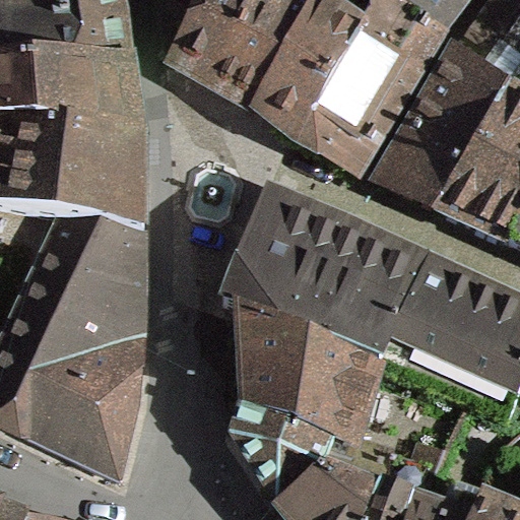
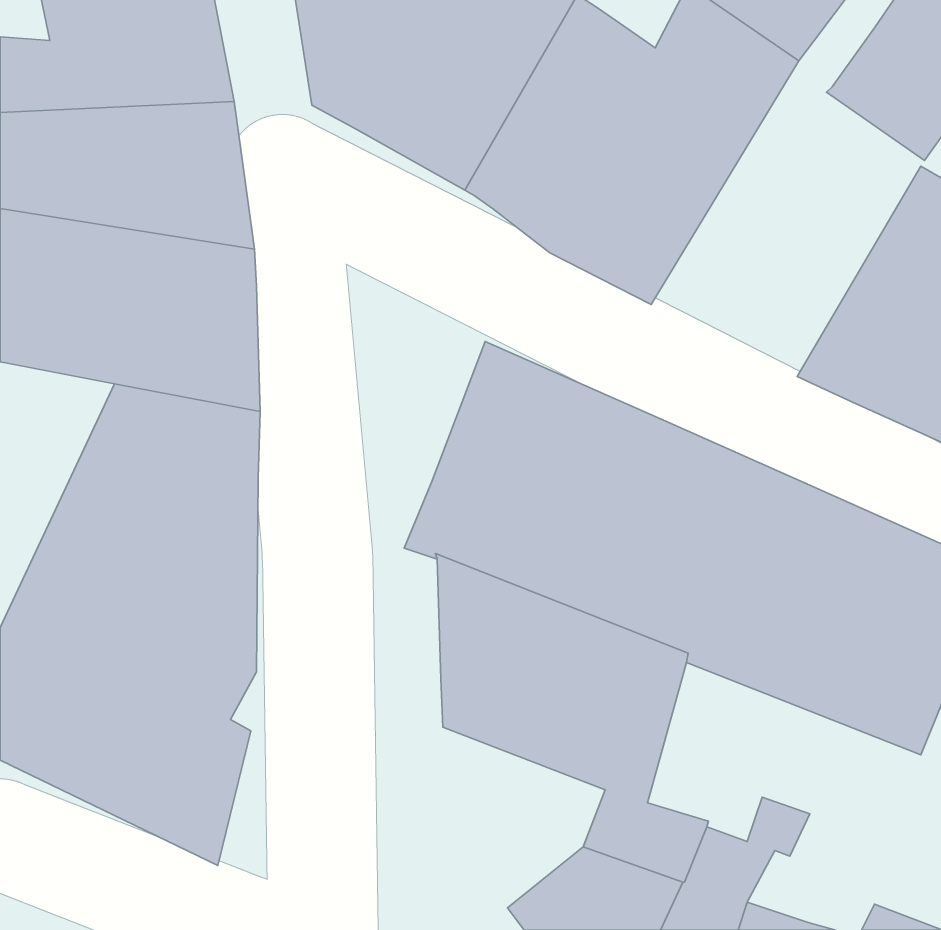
building: [381,51,510,207] -> none
building: [235,400,334,500] -> none

